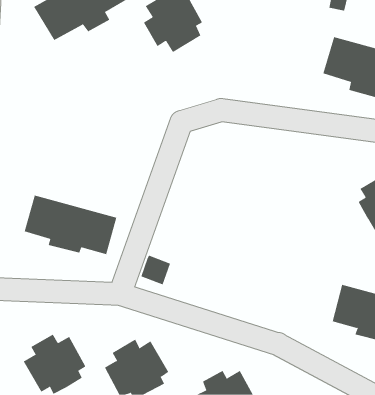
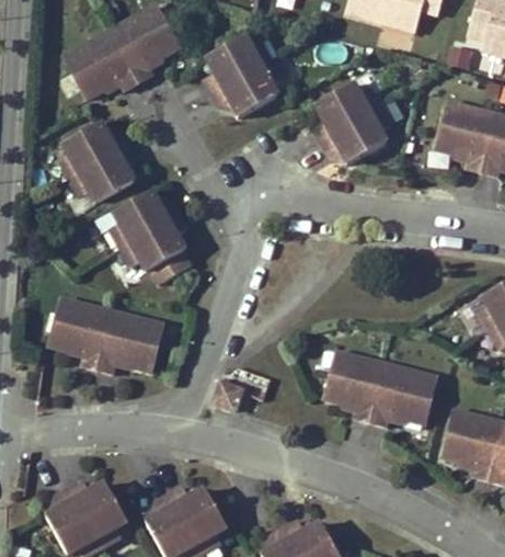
building: none -> [310,82,385,161]
building: none -> [58,126,140,208]
building: none -> [112,195,195,287]
building: none -> [326,354,438,425]

